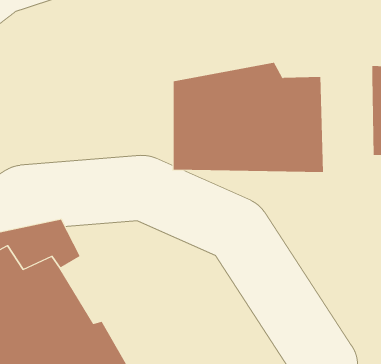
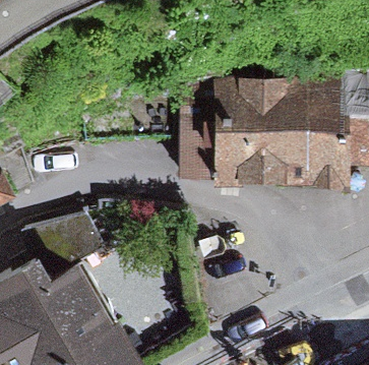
building: none -> [303,101,347,185]

